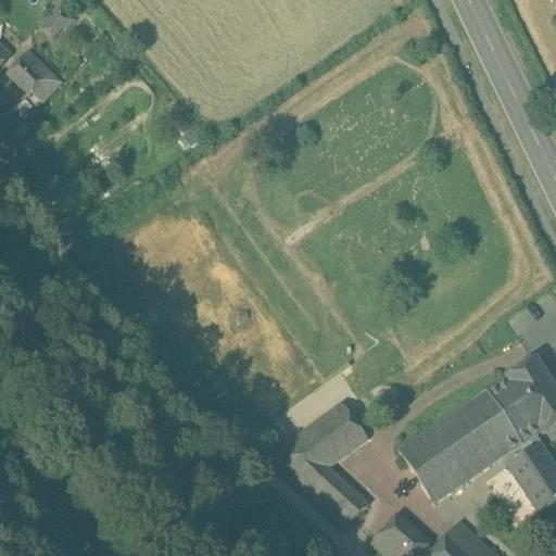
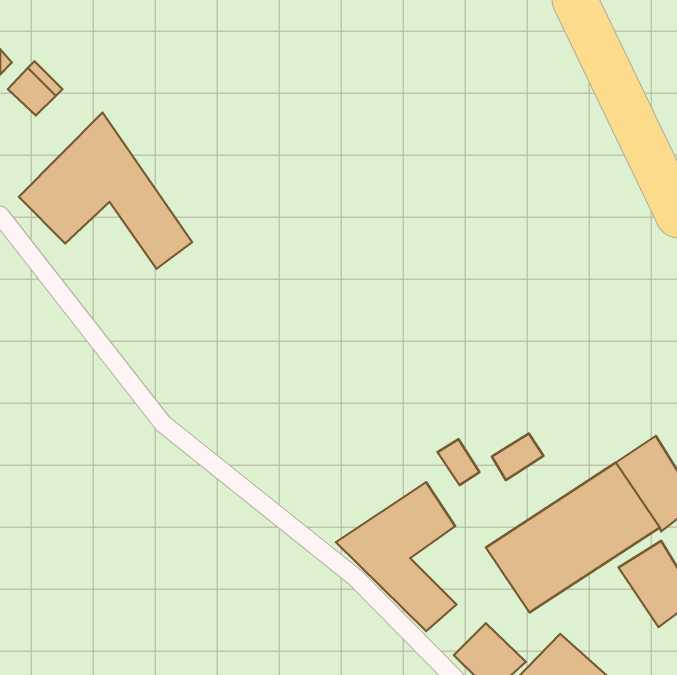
building: none -> [19,113,192,269]
building: none -> [492,433,543,480]
building: none -> [438,439,479,485]

